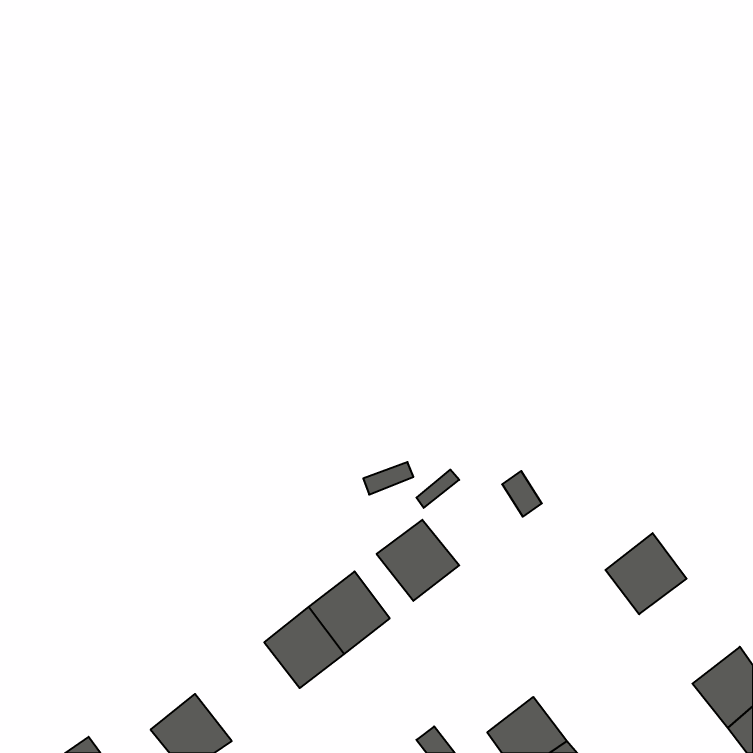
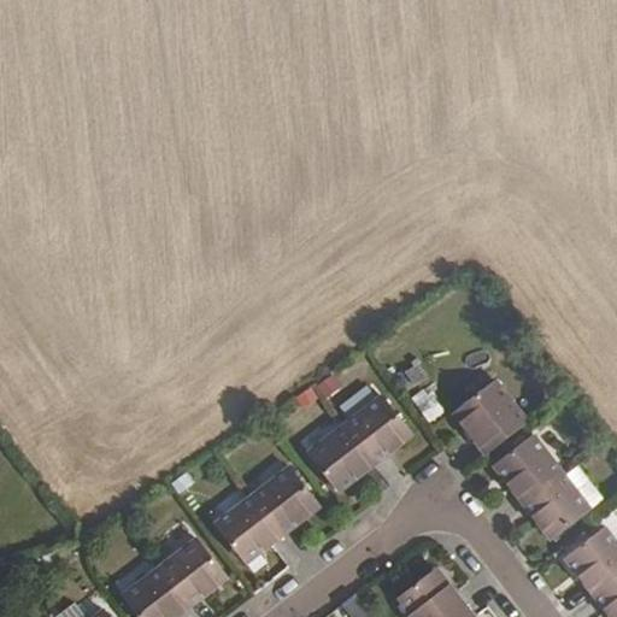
building: none -> [453,381,527,453]
building: none -> [345,395,411,462]
building: none -> [522,472,589,539]
building: none -> [159,539,225,605]

